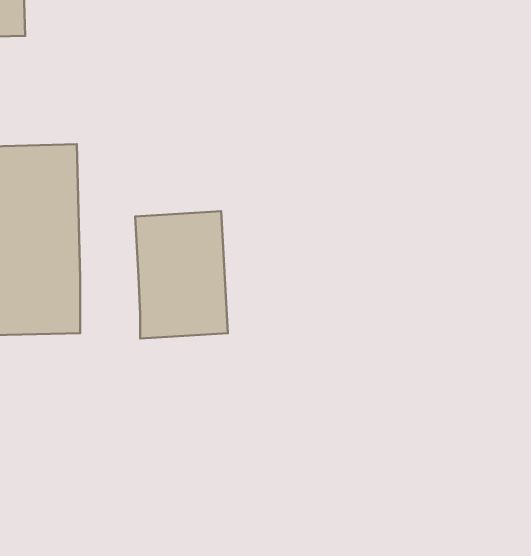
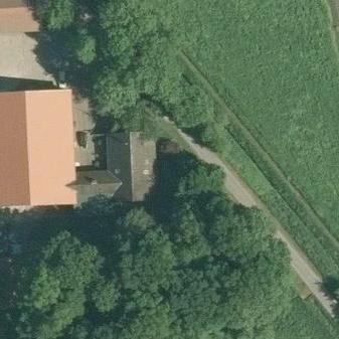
building: none -> [73,170,109,193]

